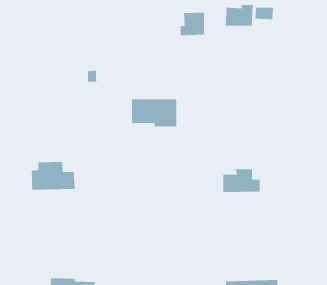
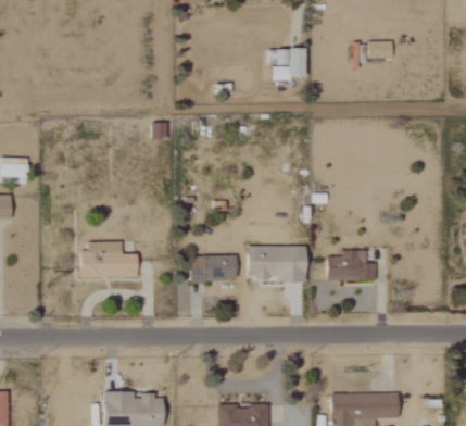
building: [225,4,253,27] -> none
building: [131,99,177,127] -> [248,246,307,281]
building: none -> [191,255,238,281]

